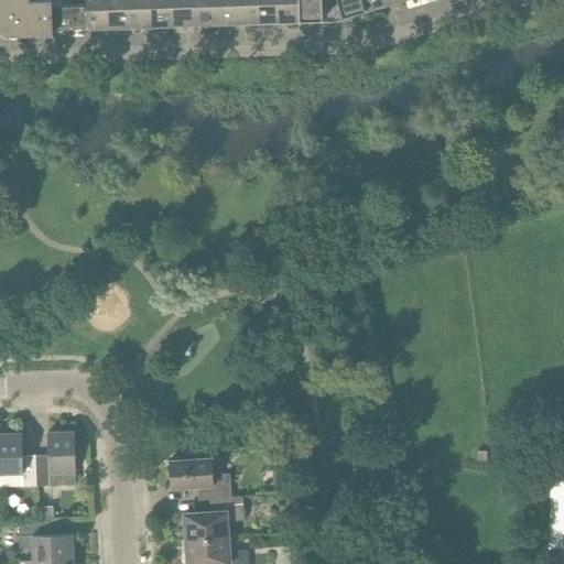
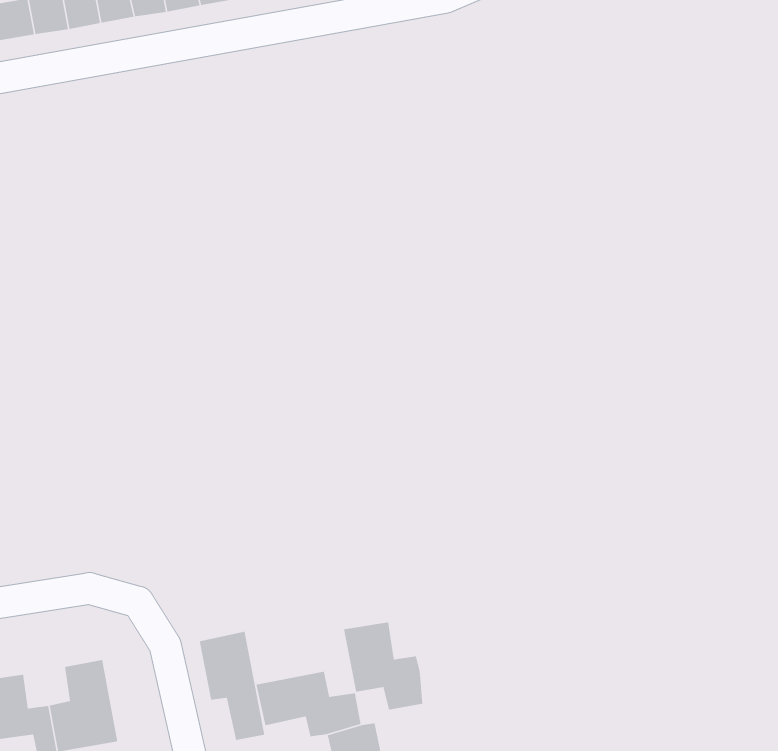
building: none -> [199,631,265,741]
building: none -> [343,621,423,711]

